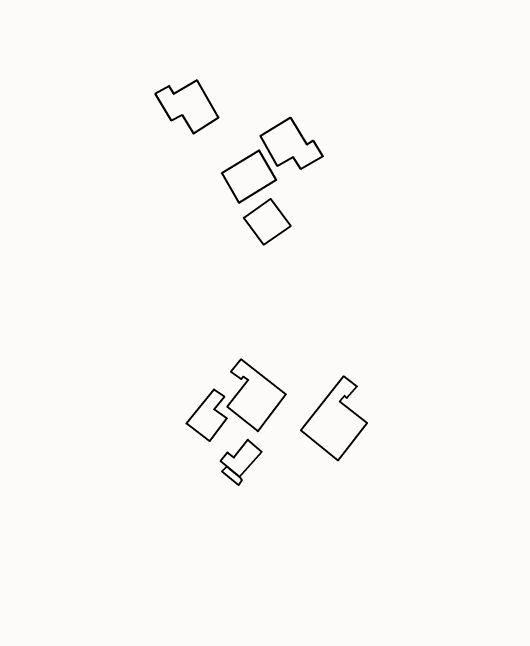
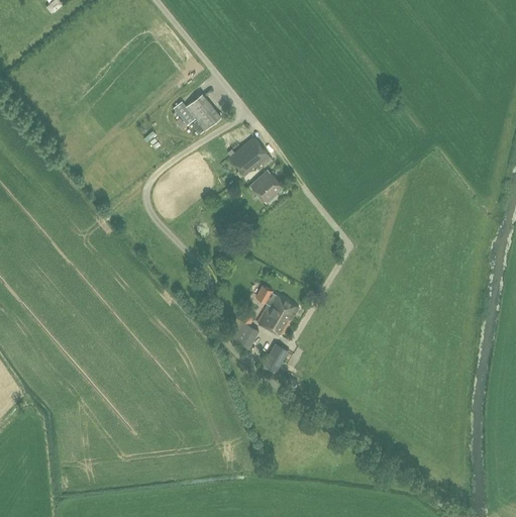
building: [260,118,323,169] -> none
building: [301,376,367,460] -> none

